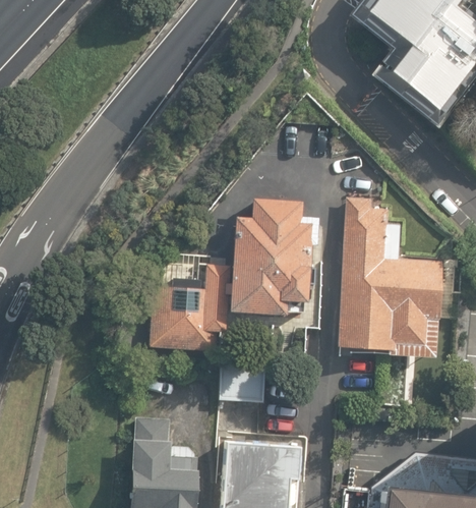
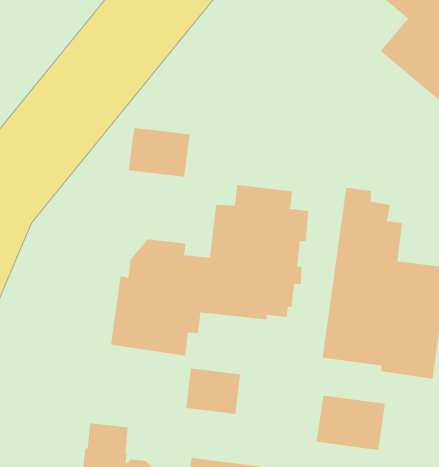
building: none -> [128,127,190,178]
building: none -> [316,395,386,451]

